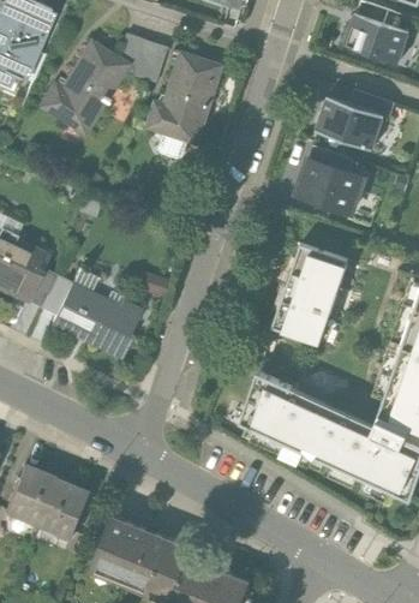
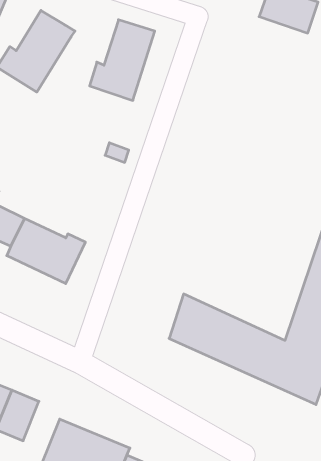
building: [119,34,167,82] -> none
building: [316,94,385,149] -> none
building: [297,153,367,213] -> none
building: [271,241,348,342] -> none

